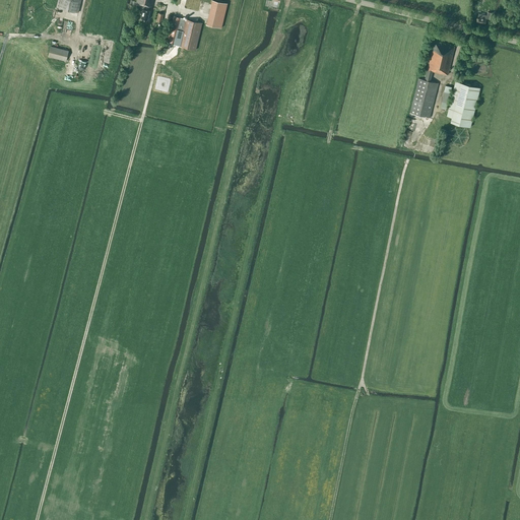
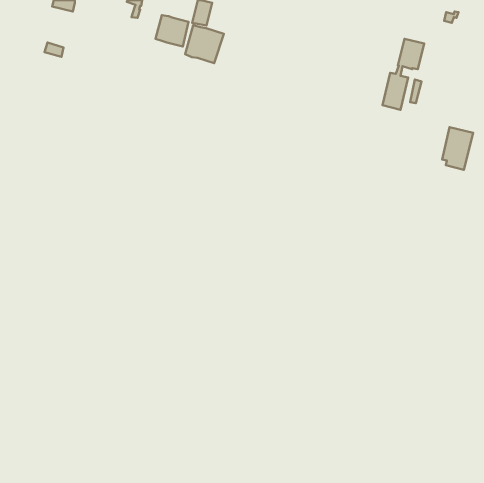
building: none -> [185,25,224,63]
building: [447,82,480,128] -> [442,127,473,170]

